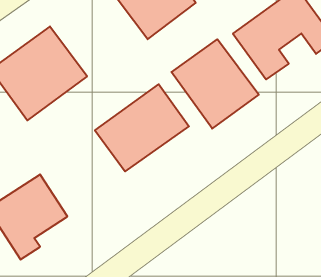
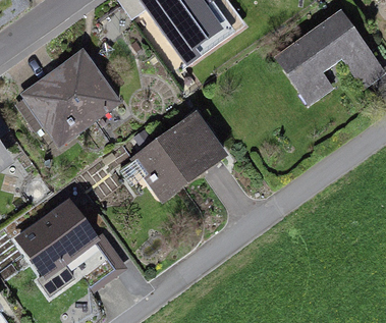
building: [171,39,259,129] -> none

